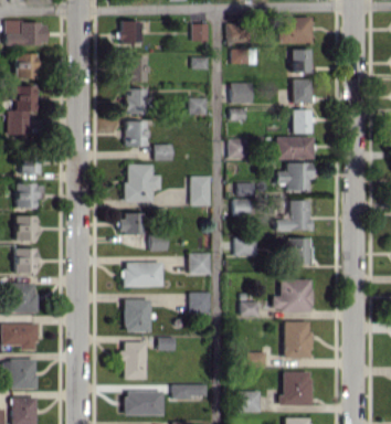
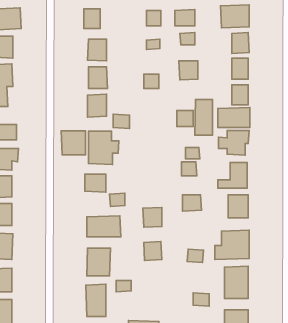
building: none -> [195,99,212,135]
building: none -> [61,131,85,155]
building: [191,176,211,205] -> none

